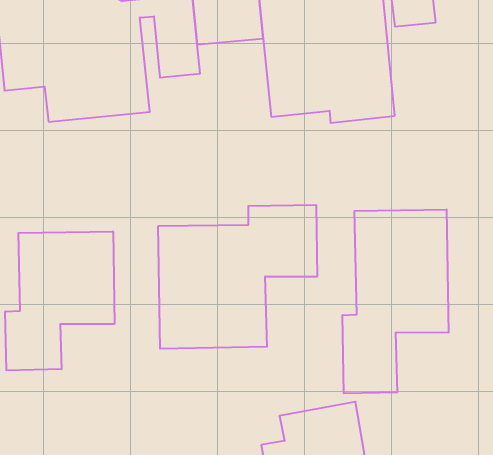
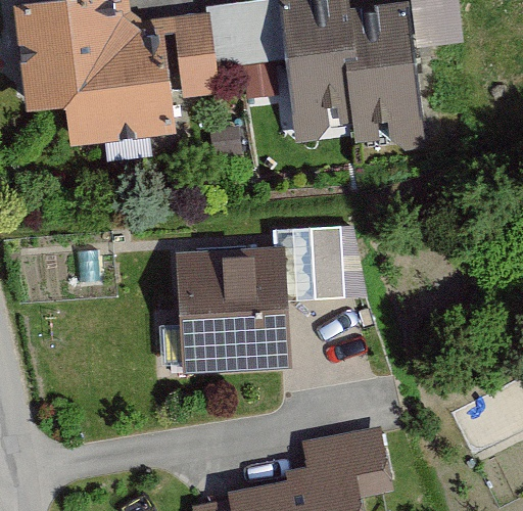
building: [342,209,448,393] -> none
building: [5,231,114,370] -> none

